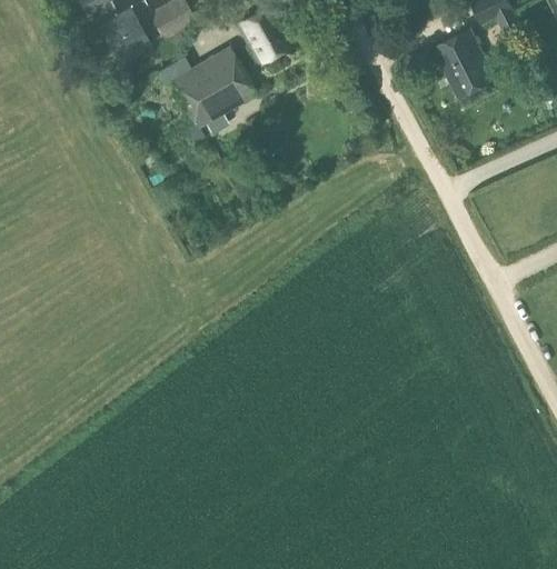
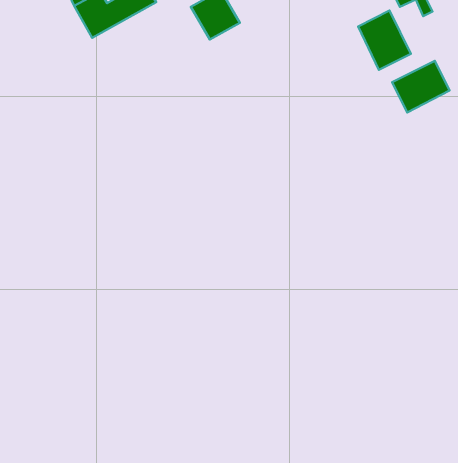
building: [170,44,257,141] -> none
building: none -> [392,61,449,112]

